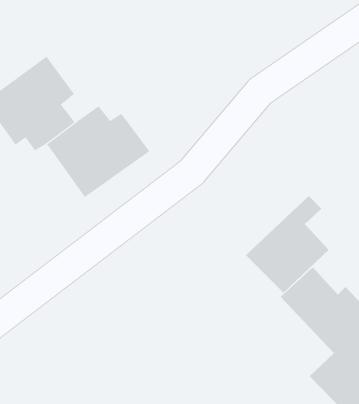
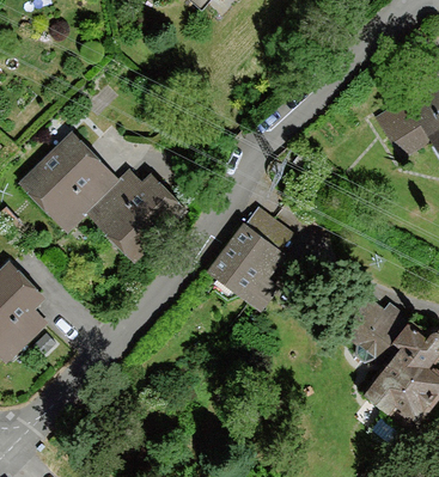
building: [245,195,329,293] -> [208,207,286,302]

